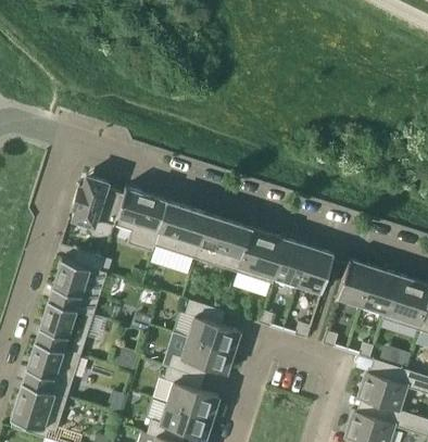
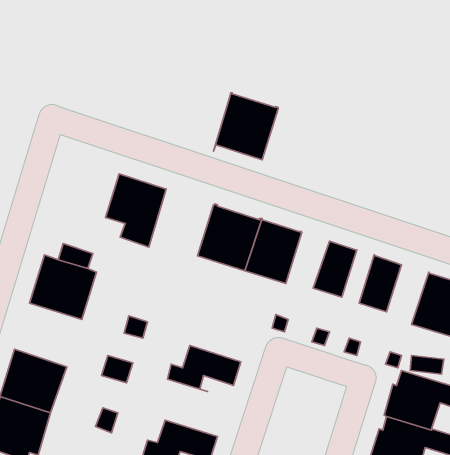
building: [72,175,126,227] -> none
building: [152,201,209,260] -> [214,93,278,160]
building: [272,239,310,288] -> none
building: [360,267,396,316] -> none
building: [35,301,93,356] -> none
building: [185,301,240,352] -> none
building: [164,367,218,417] -> none

